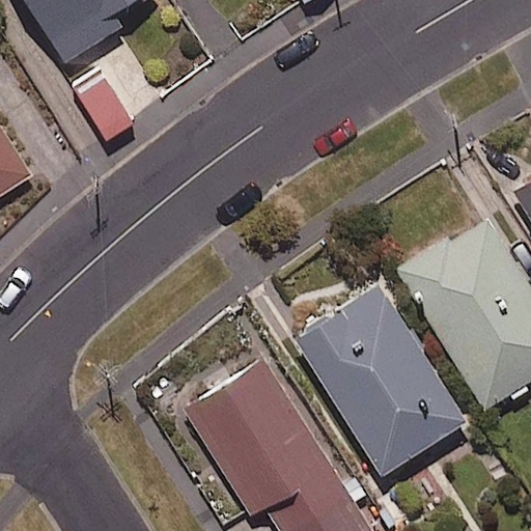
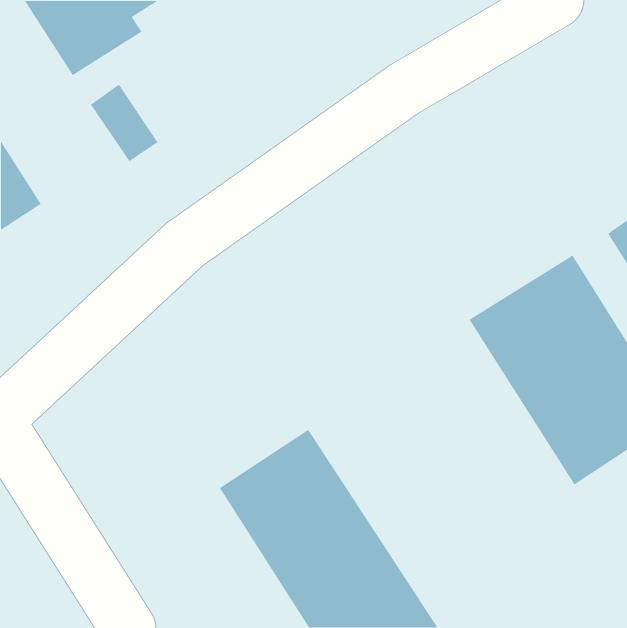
building: [294,285,466,476] -> none

